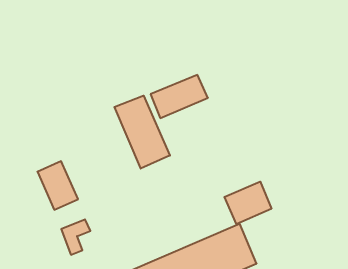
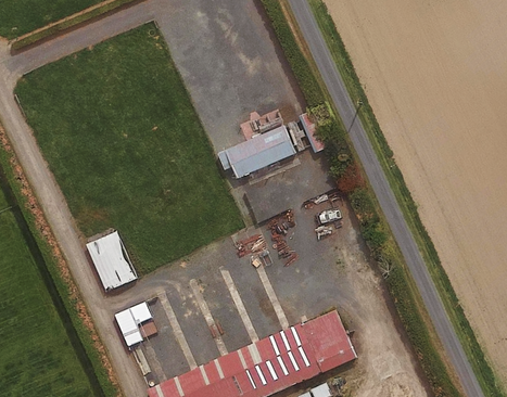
building: [114,96,170,169] -> none
building: [224,182,271,224] -> none

